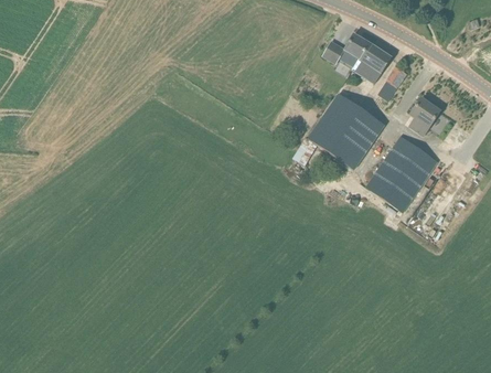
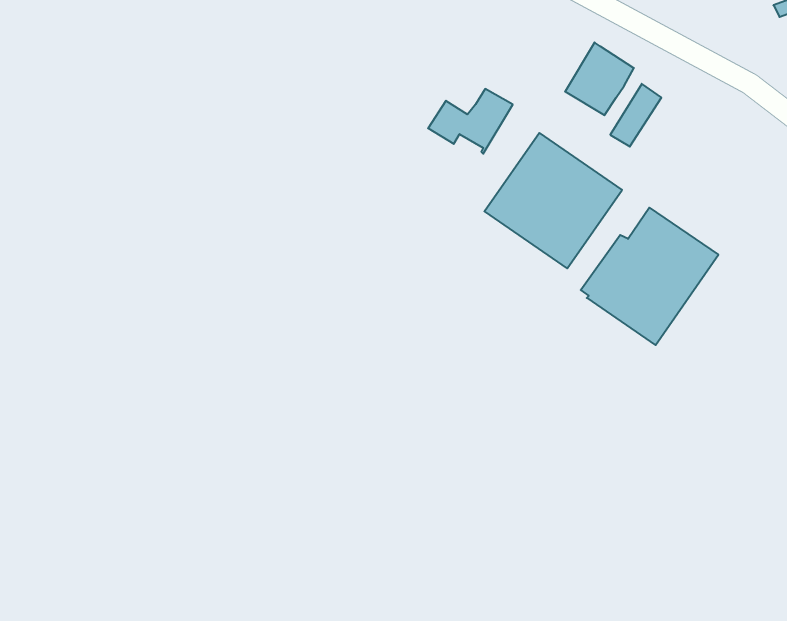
building: [322,33,370,70] -> [428,89,513,154]
building: [408,97,440,136] -> none

